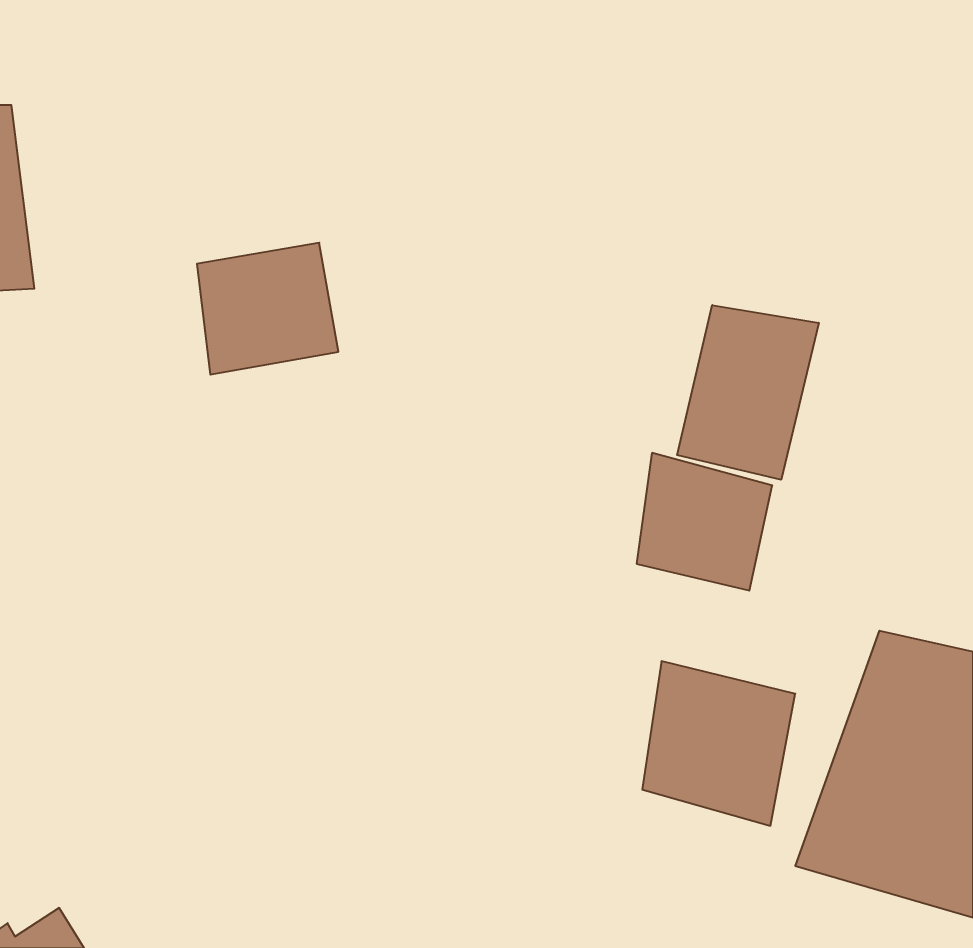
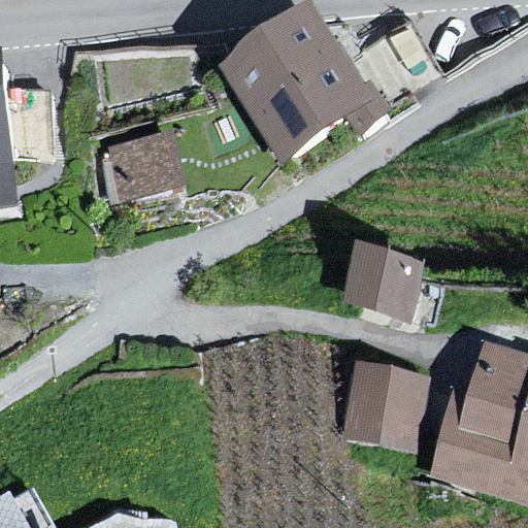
building: none -> [213,7,390,162]
building: [677,305,819,480] -> none

